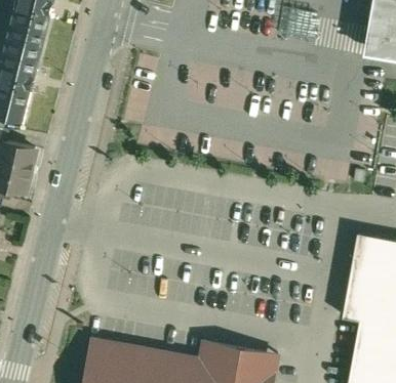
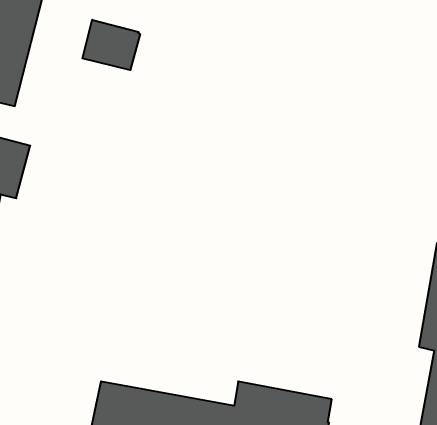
building: none -> [82,20,140,70]

